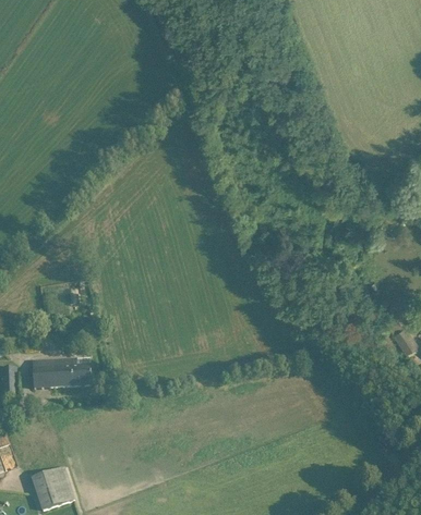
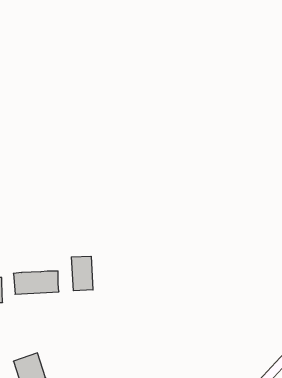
building: none -> [71,256,93,291]

